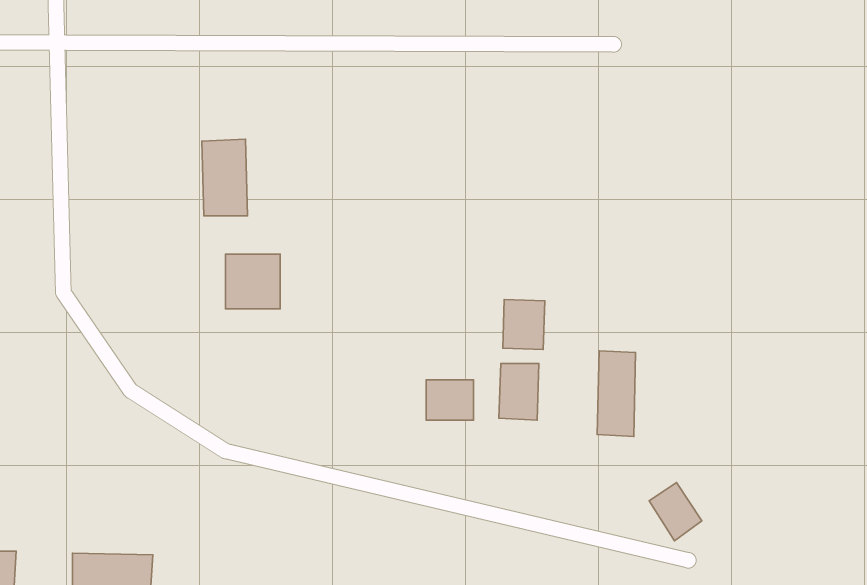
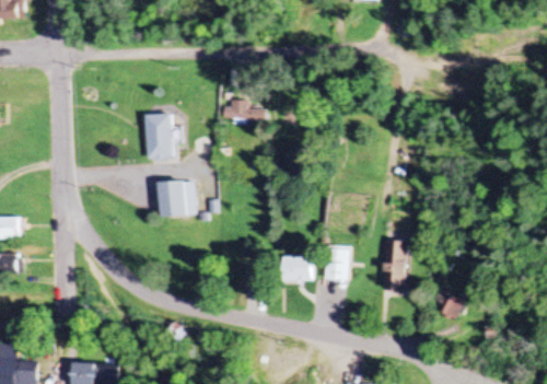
building: none -> [225,98,267,119]
building: [503,299,545,350] -> none
building: [649,483,702,541] -> [433,287,465,322]

